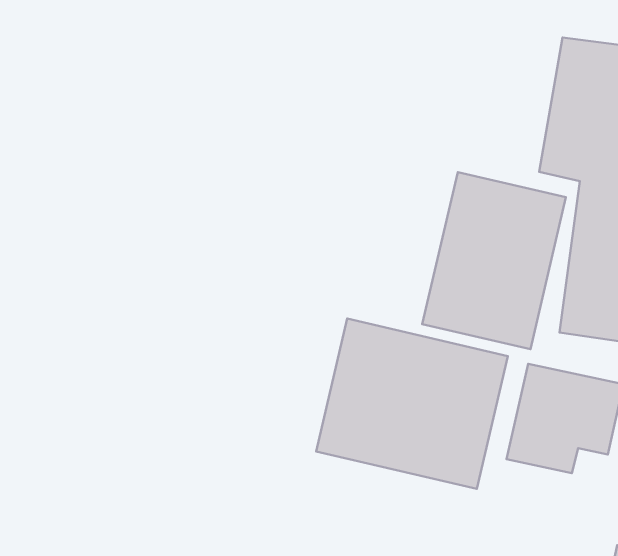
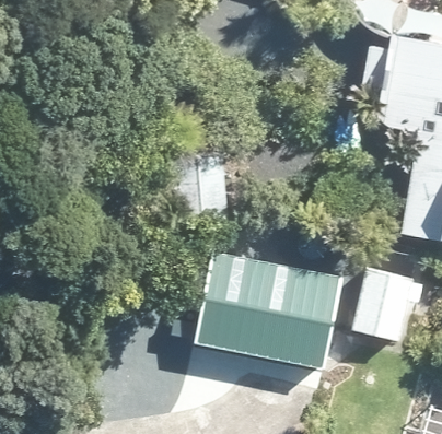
building: [422,172,566,349] -> none

